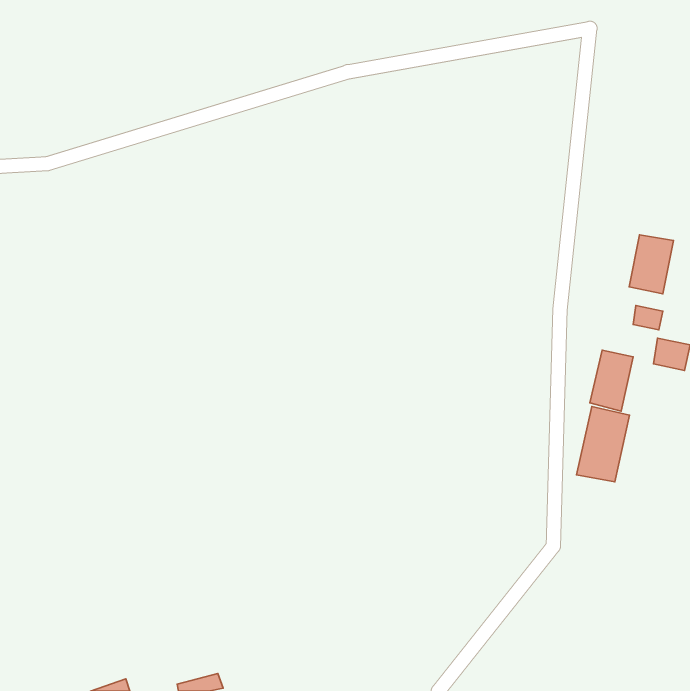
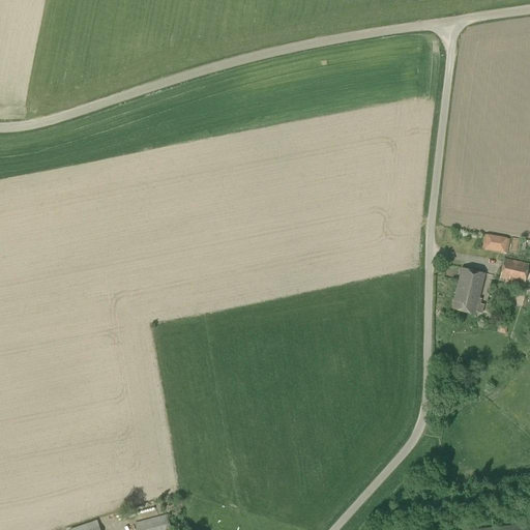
building: [629,235,674,294] -> none
building: [576,406,629,482] -> none

